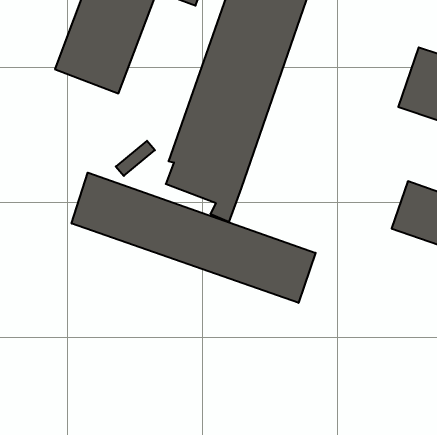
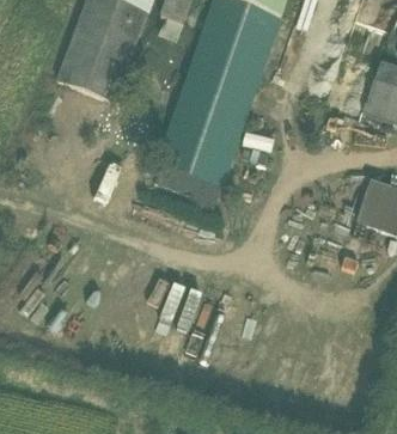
building: [72,173,316,303] -> none

